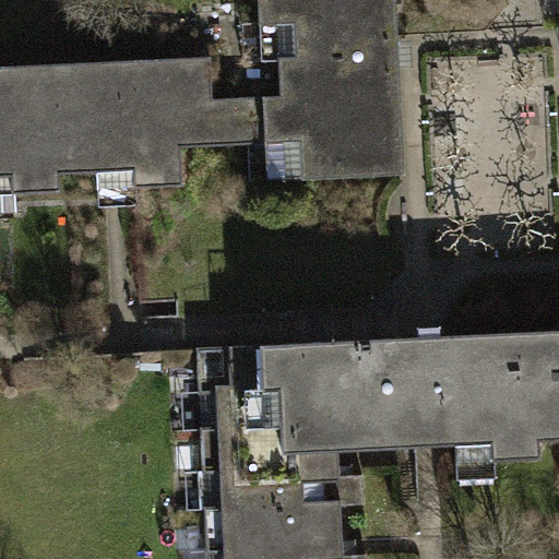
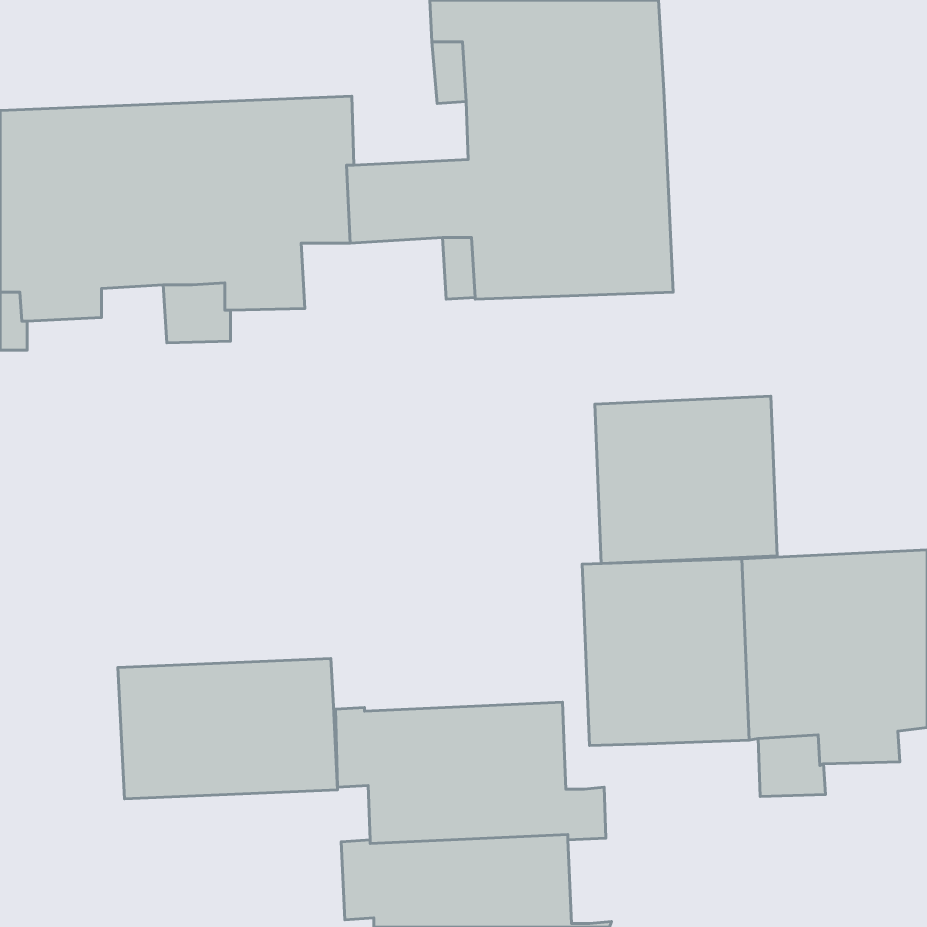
building: none -> [595,396,777,564]
building: [198,340,355,450] -> none
building: none -> [118,658,338,799]

